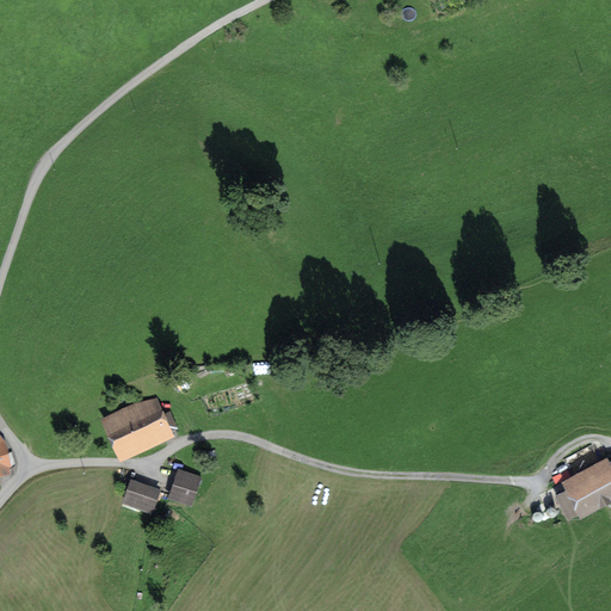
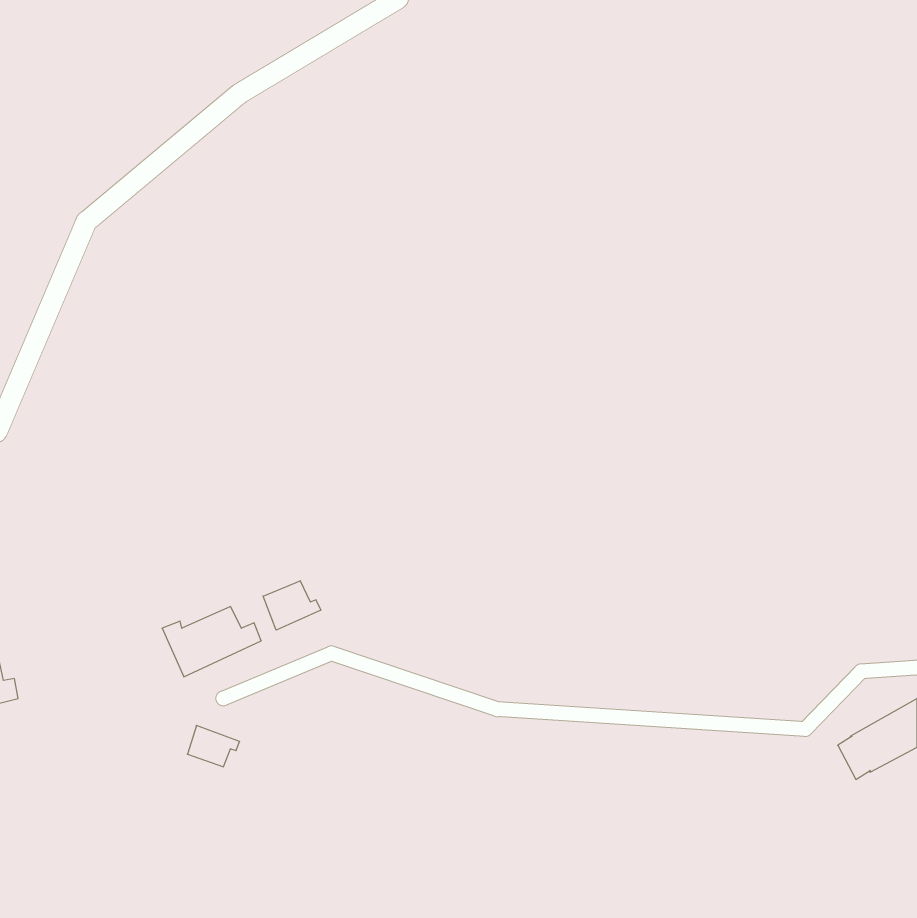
building: none -> [263,581,321,630]
building: [169,470,197,501] -> none

